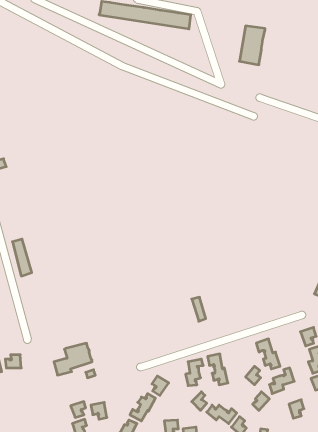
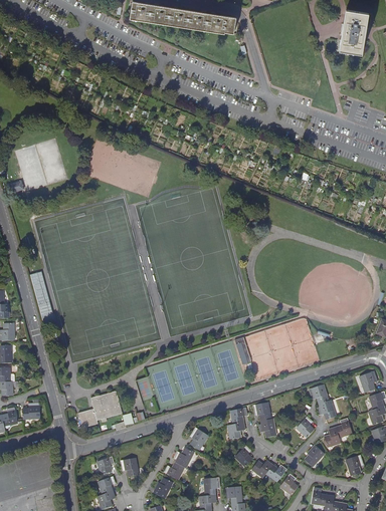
building: [239,26,265,65] -> [339,9,368,53]

